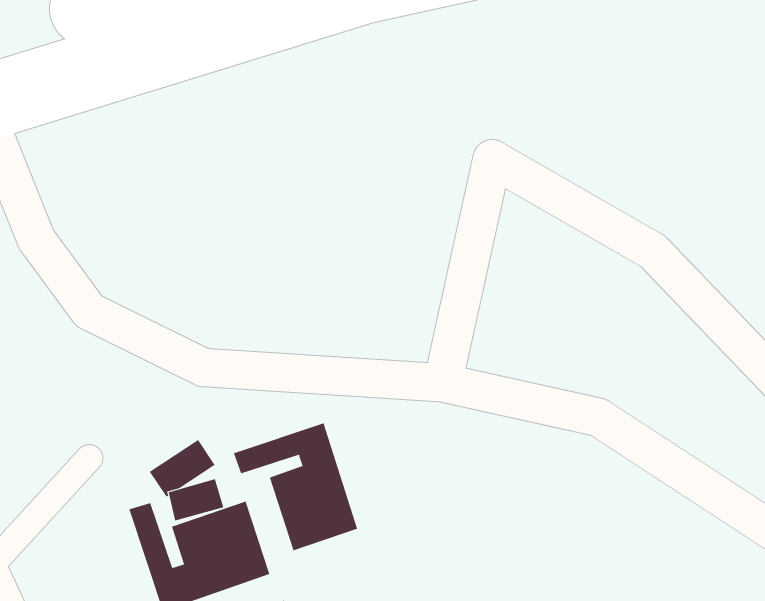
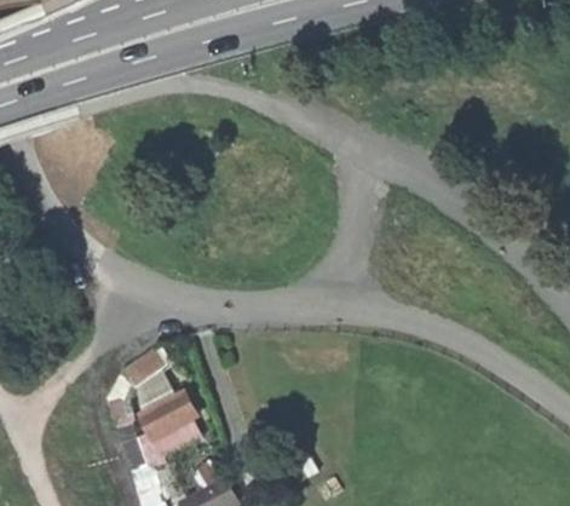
building: [233,422,358,551] -> none

